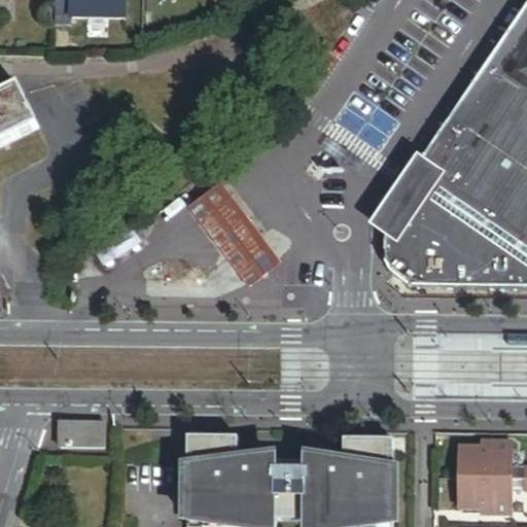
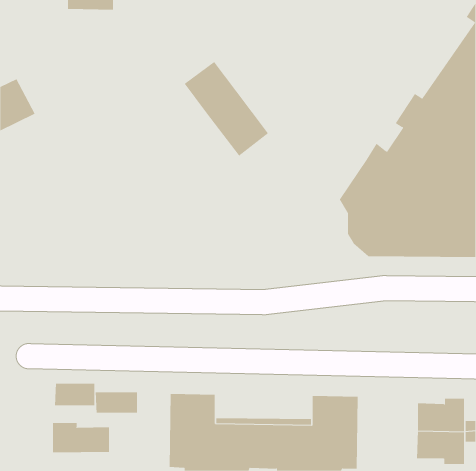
building: [186,181,280,286] -> [184,61,269,156]
building: none -> [95,392,137,413]
building: none -> [52,422,109,453]

